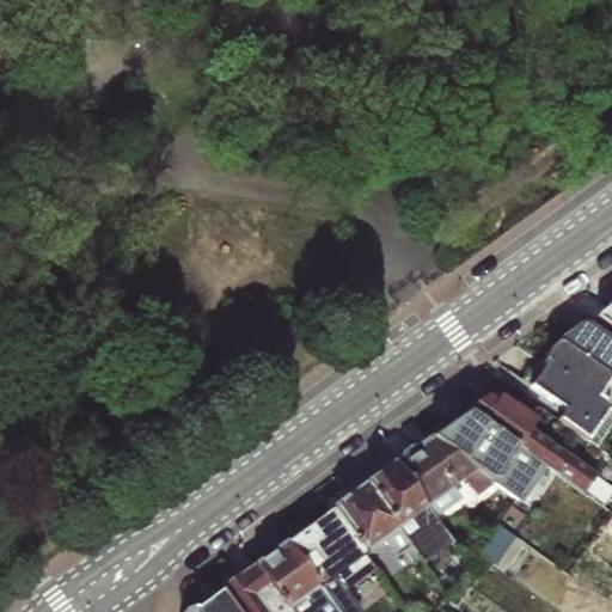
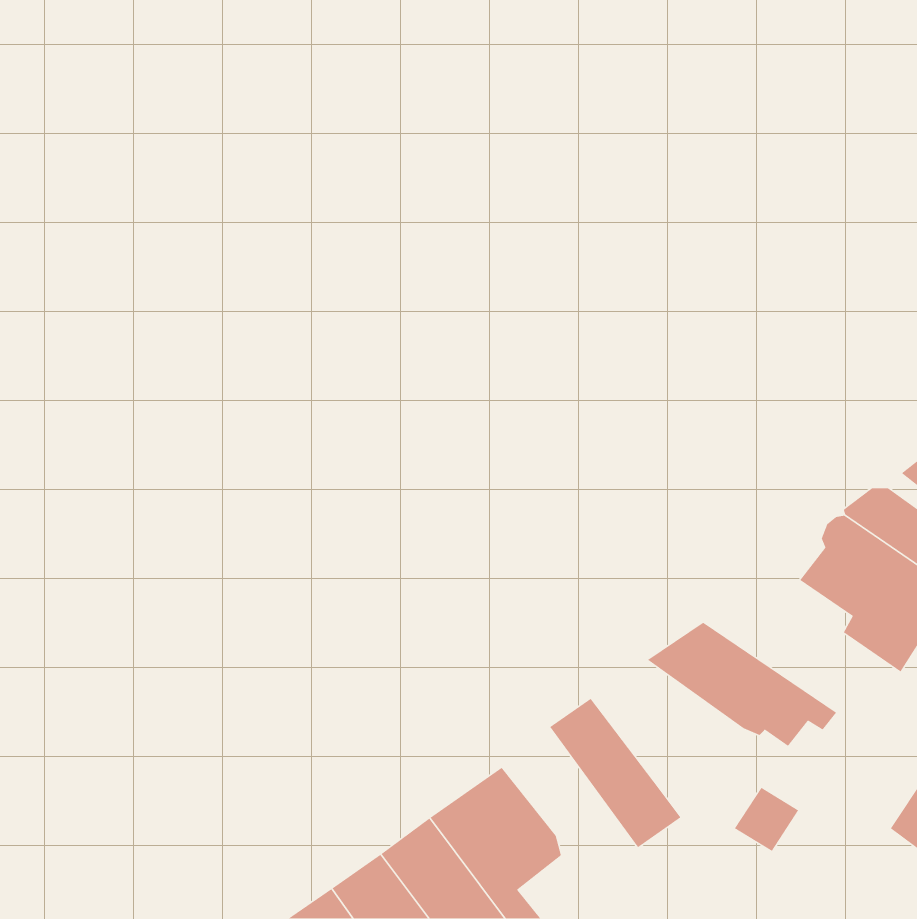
building: [470,391,599,489] -> none
building: [396,435,496,515] -> none
building: [335,479,427,563] -> none

